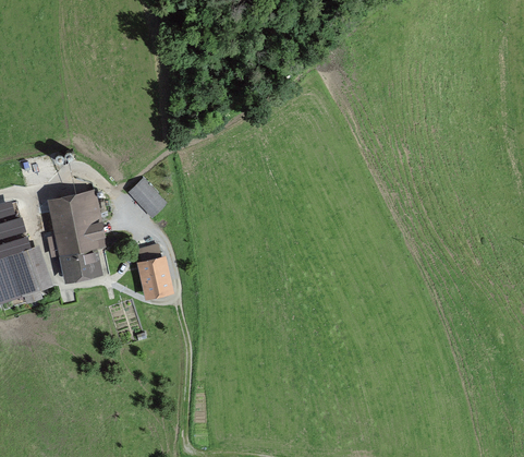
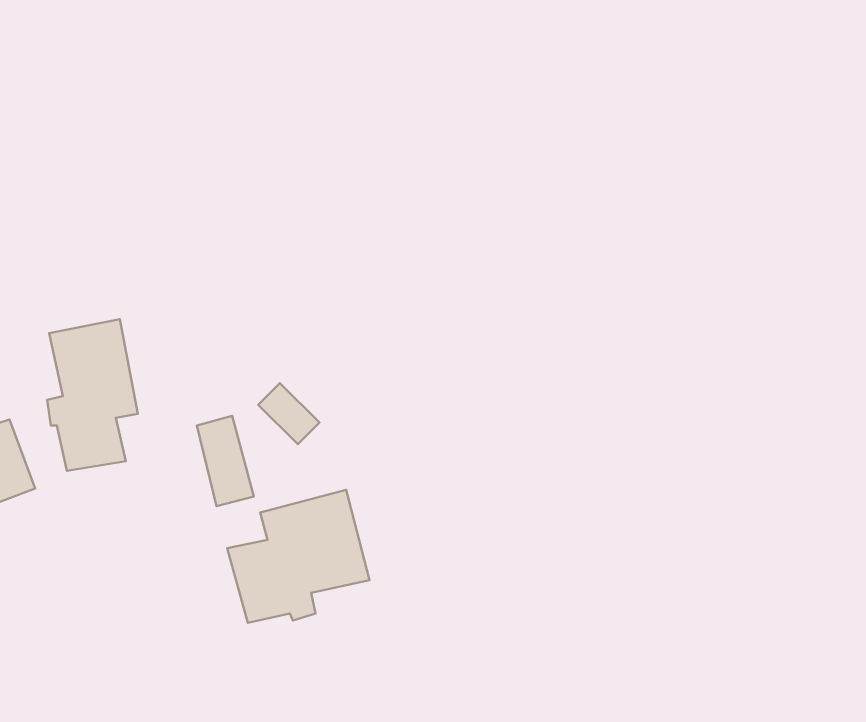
building: [129,180,162,214] -> [258,383,319,444]
building: none -> [227,490,369,623]

